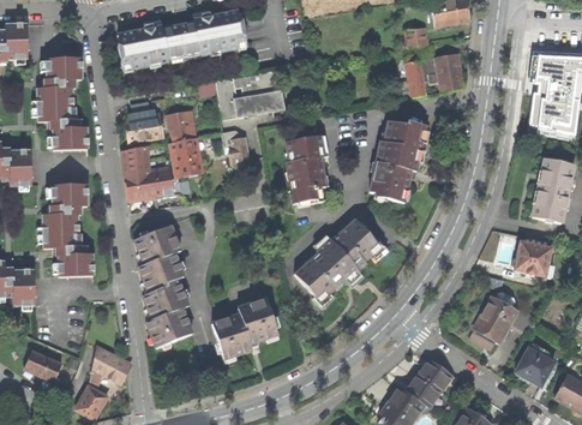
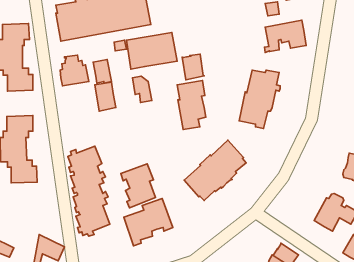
building: none -> [182,54,204,80]
building: [121,148,173,202] -> none
building: none -> [121,164,156,208]

